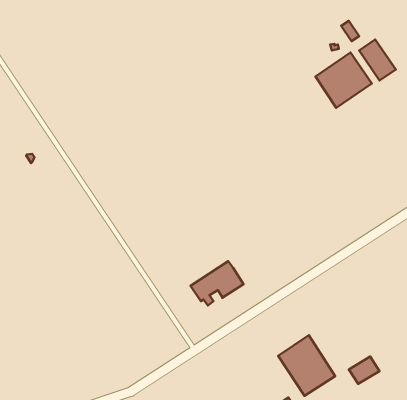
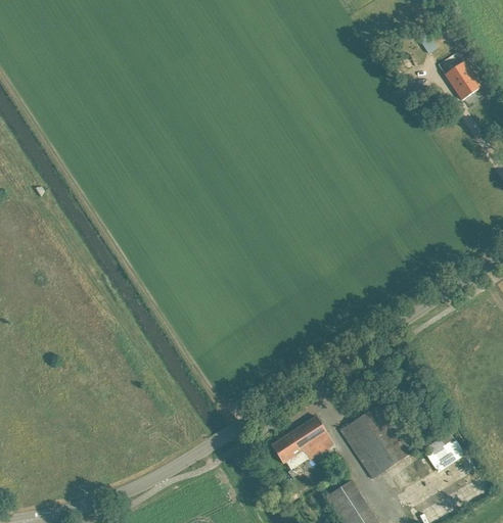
building: [316,52,372,108] -> none
building: [191,261,243,305] -> [270,417,333,470]

